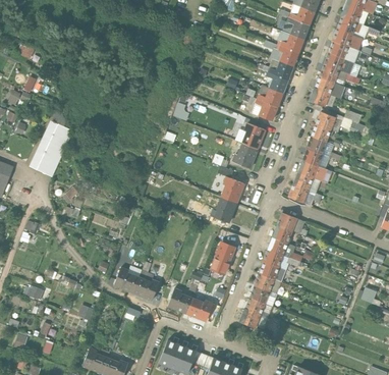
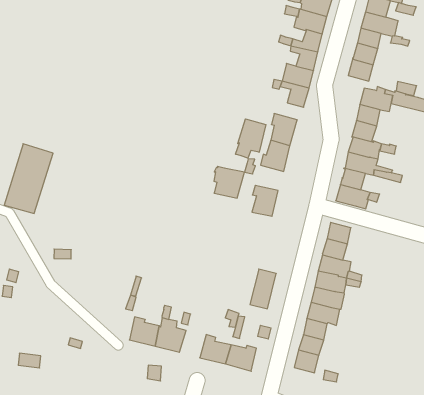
building: none -> [236,119,266,158]
building: [212,196,237,222] -> [214,166,244,198]

